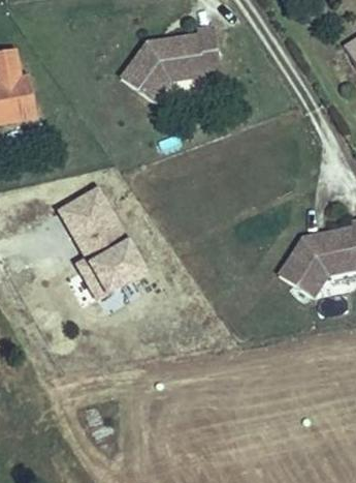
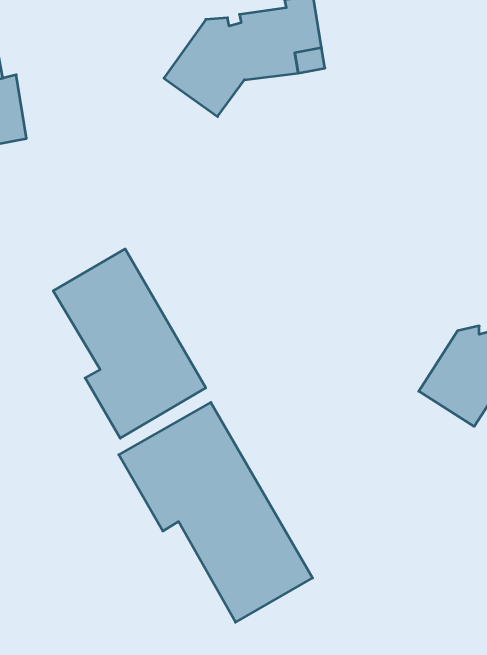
building: none -> [119,402,313,622]

